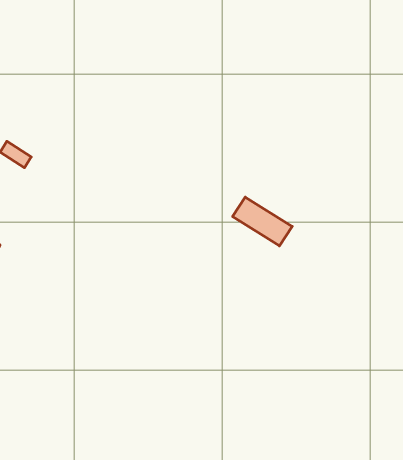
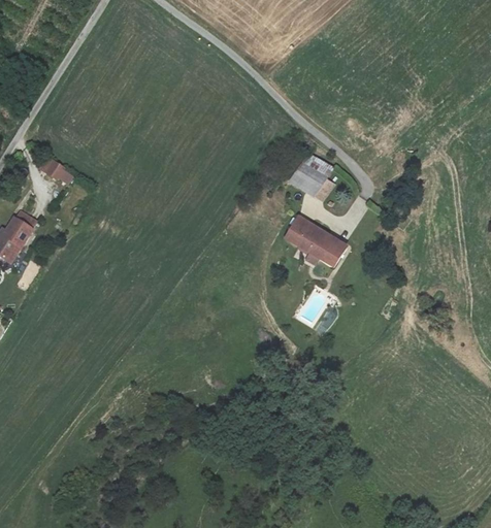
building: none -> [290,154,334,202]

